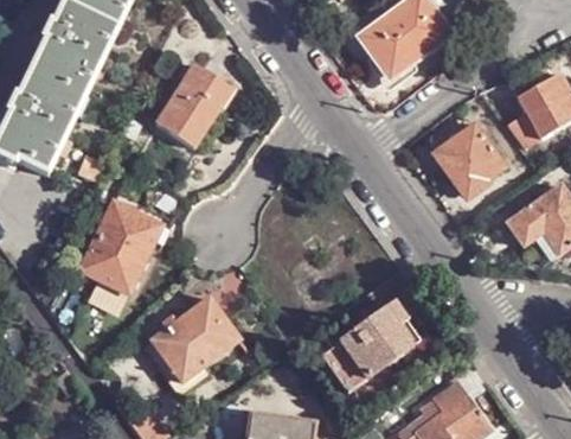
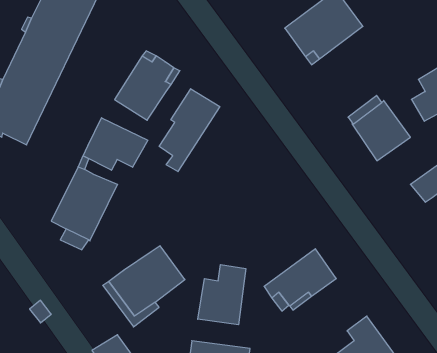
building: none -> [159,89,220,172]
building: none -> [83,118,148,170]
building: none -> [198,265,246,325]

